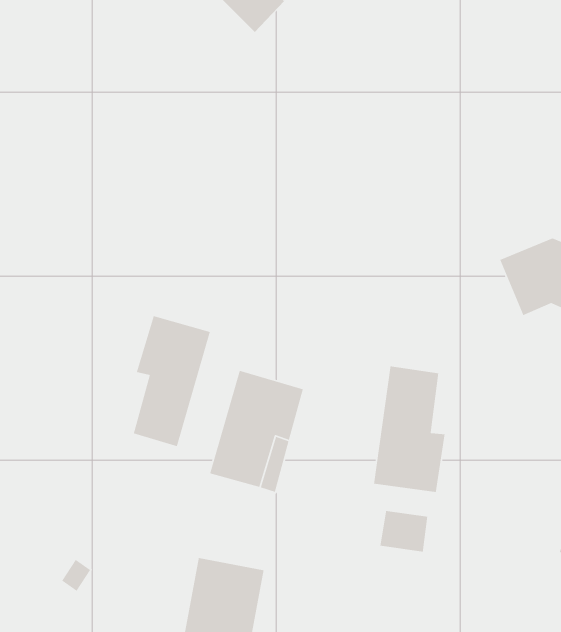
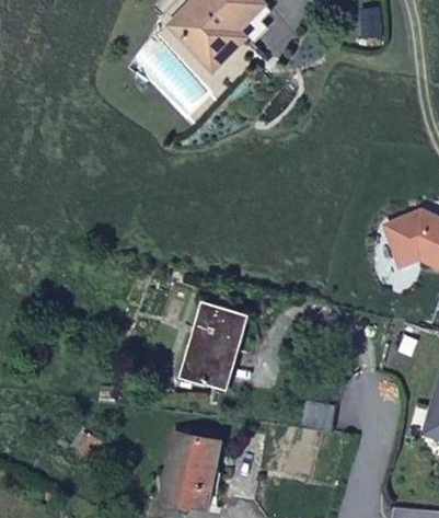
building: [133,315,211,447] -> none
building: [373,366,445,493] -> none

